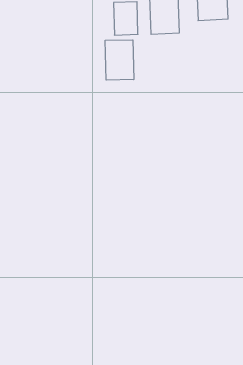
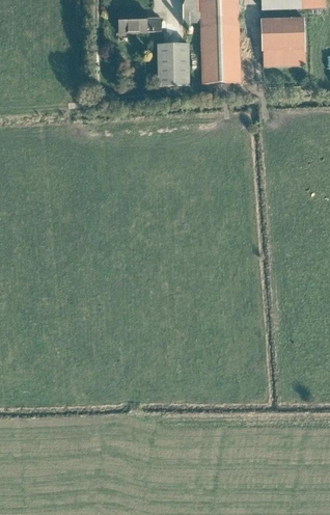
building: [105,40,134,80] -> none

